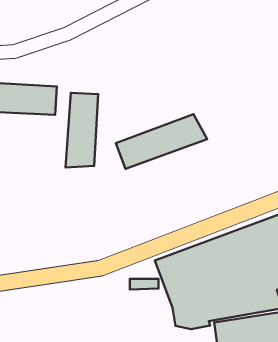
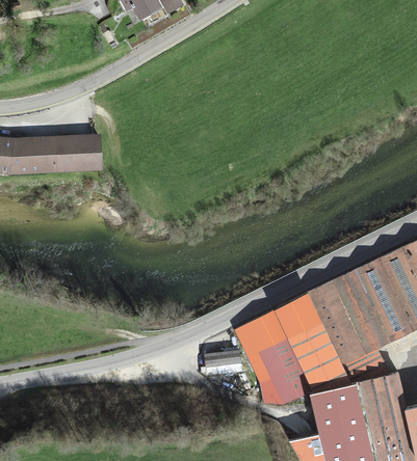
building: [66,93,98,168] -> none
building: [116,114,207,169] -> none

